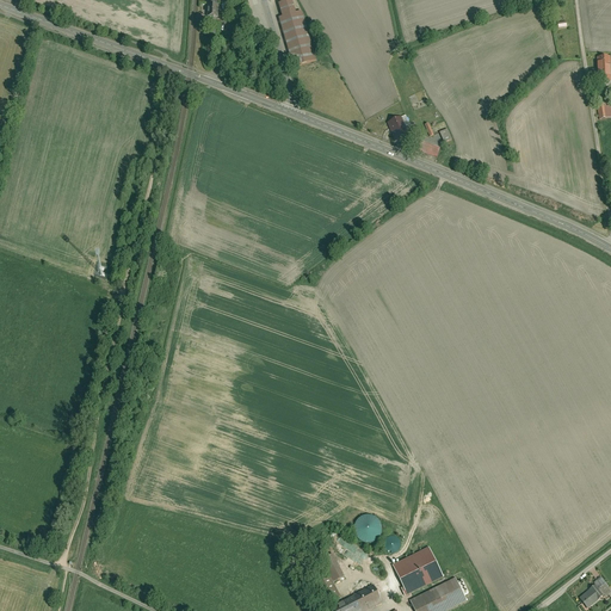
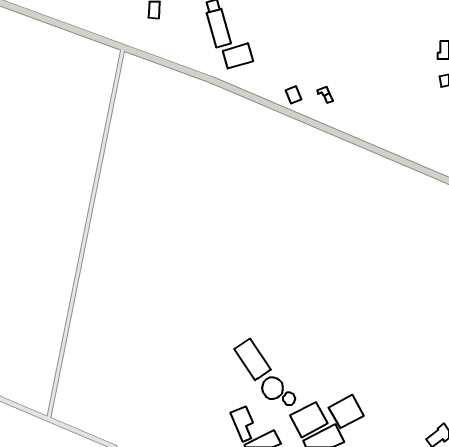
building: none -> [223,43,253,69]
building: none -> [234,339,271,380]
building: none -> [328,395,364,428]

